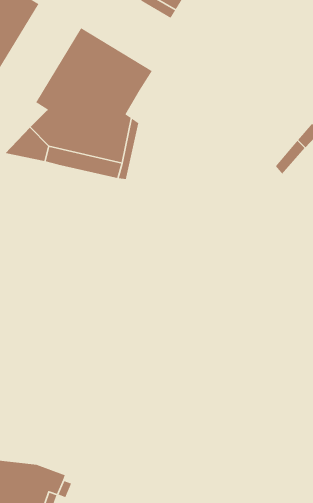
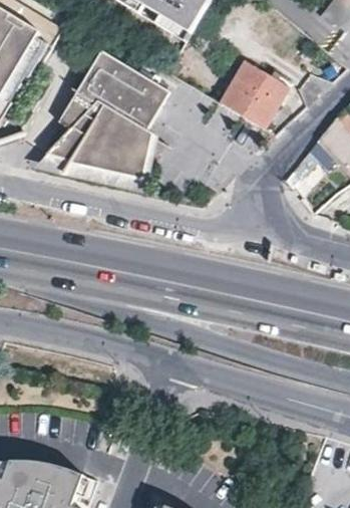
building: none -> [222,60,291,129]

